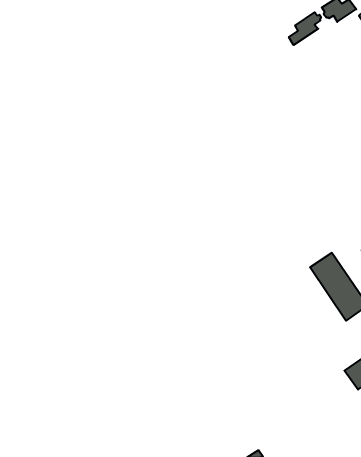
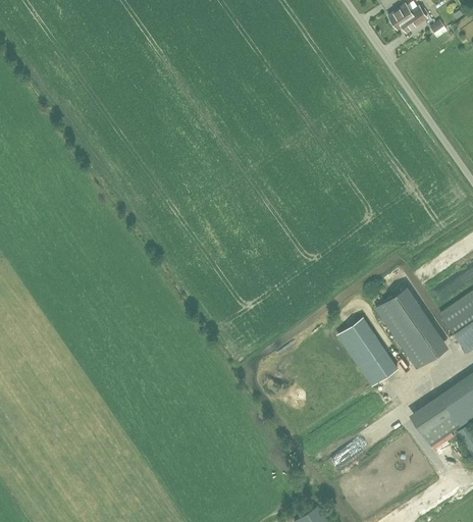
building: [289,12,321,45] -> none
building: none -> [341,316,397,380]

